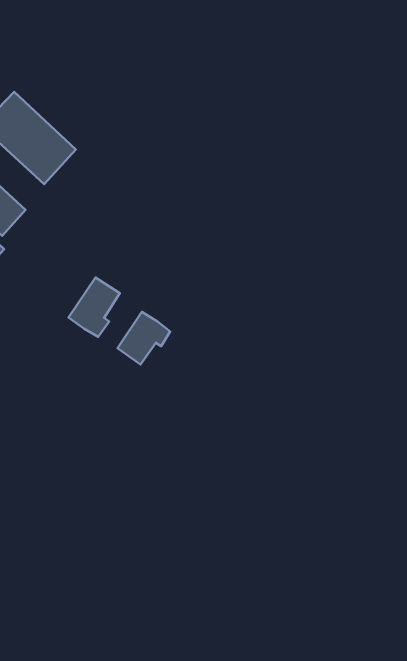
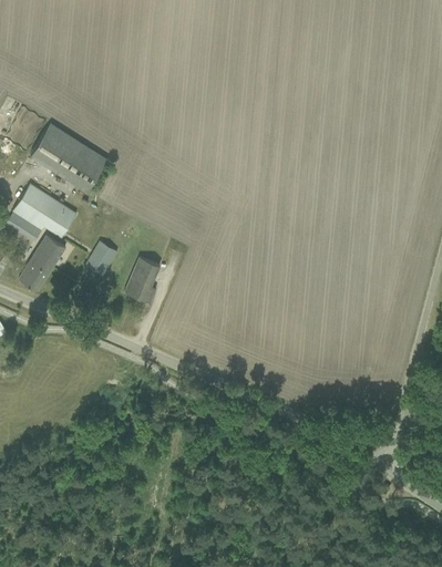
building: none -> [84,241,117,276]
building: [118,312,170,364] -> none

